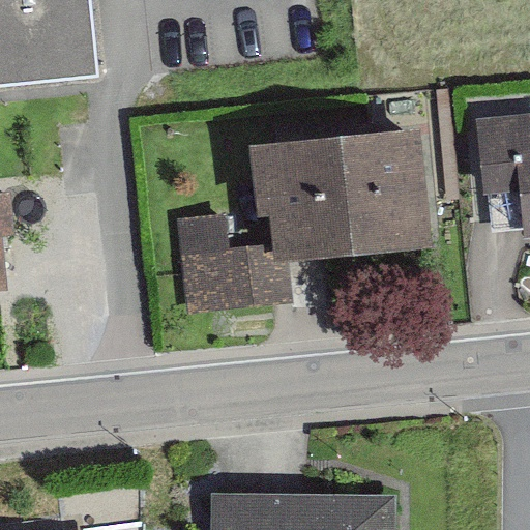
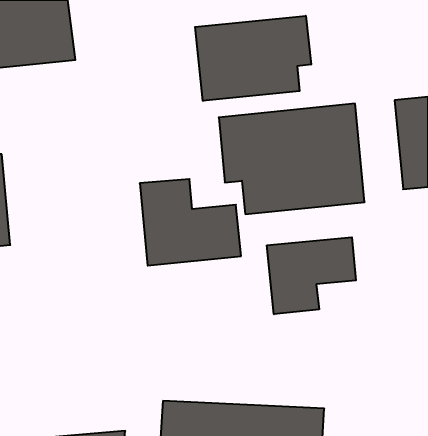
building: none -> [195,16,311,101]
building: none -> [267,237,356,314]

